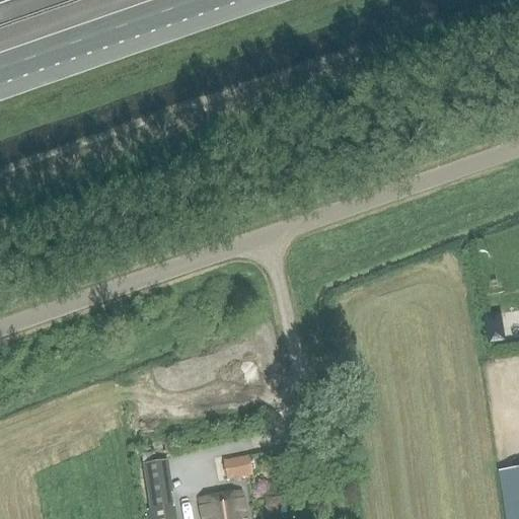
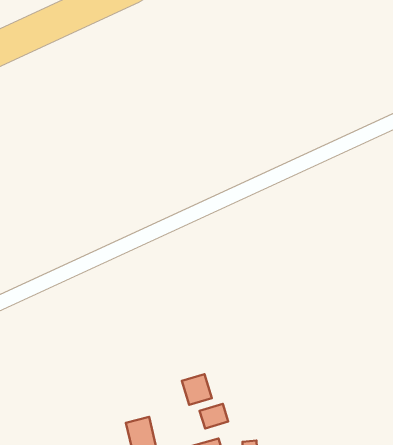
building: none -> [182,374,212,405]

